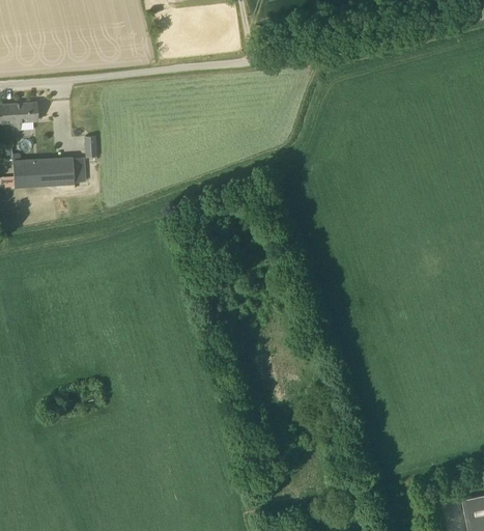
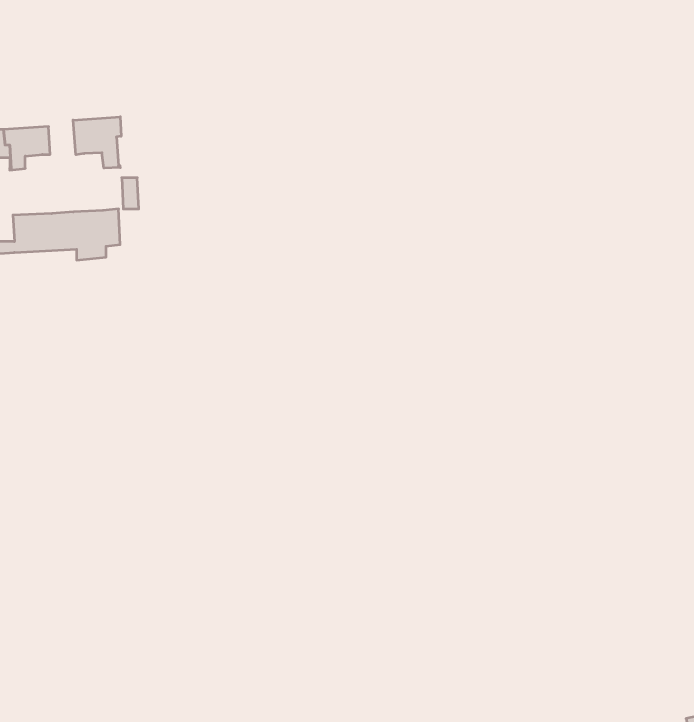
building: none -> [73,117,121,168]

